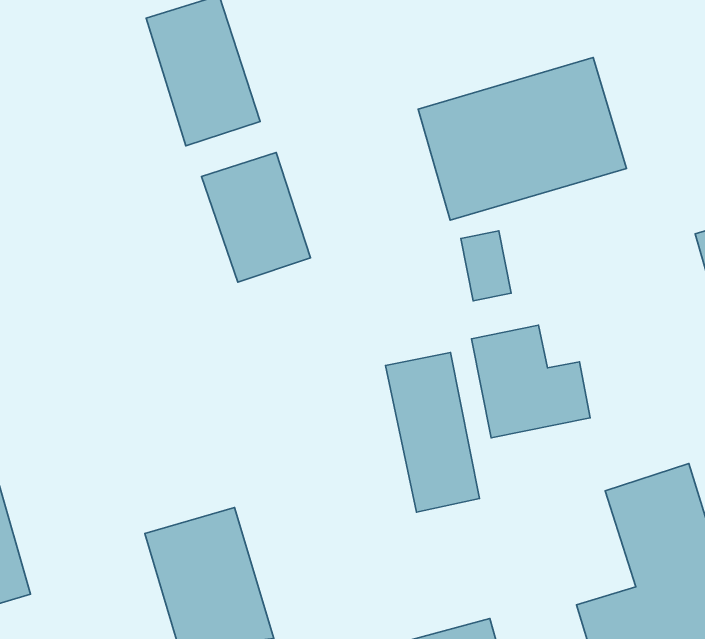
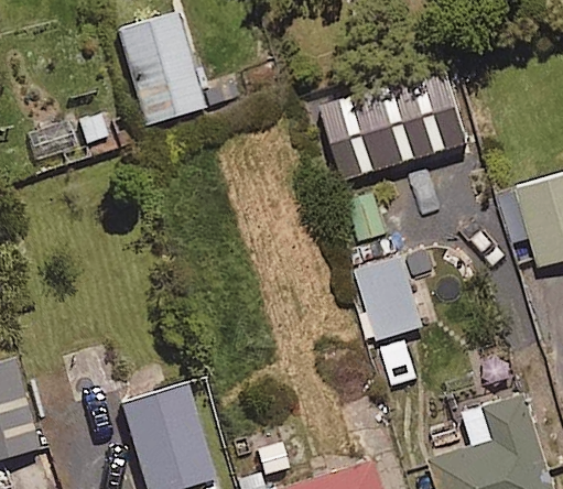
building: [201,152,311,282] -> none
building: [385,353,480,512] -> none

